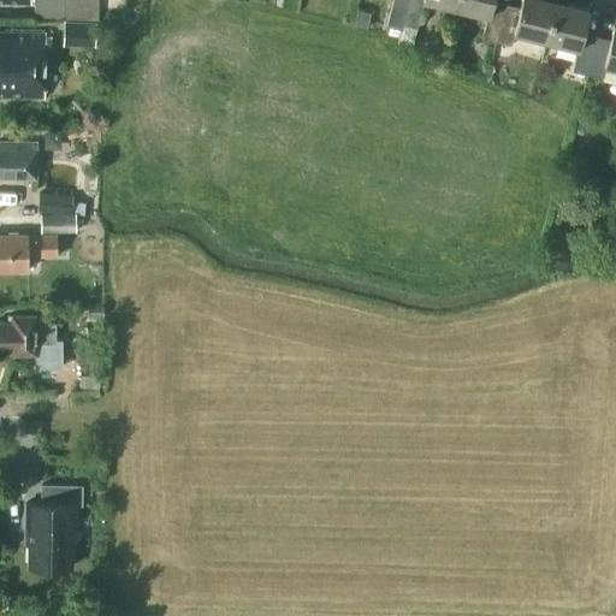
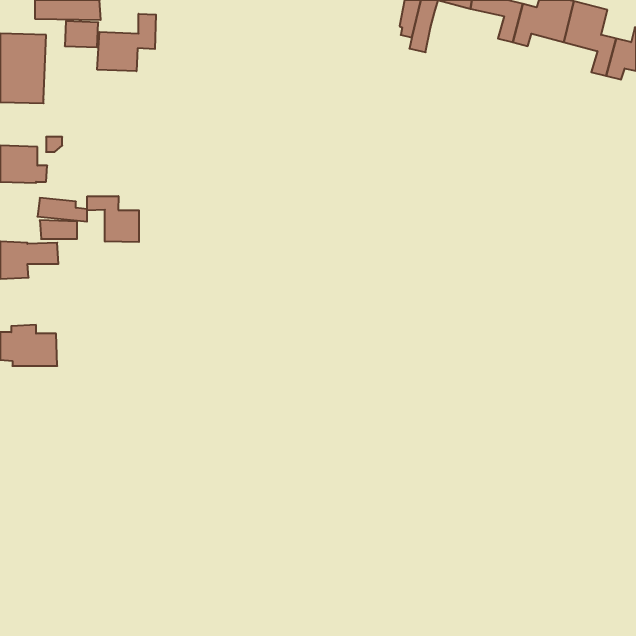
building: none -> [97,14,156,71]
building: none -> [87,196,139,242]
building: [25,484,82,567] -> none

